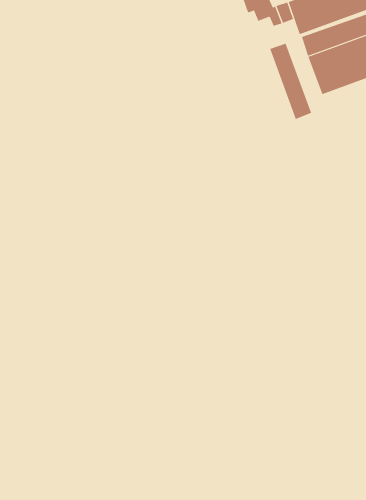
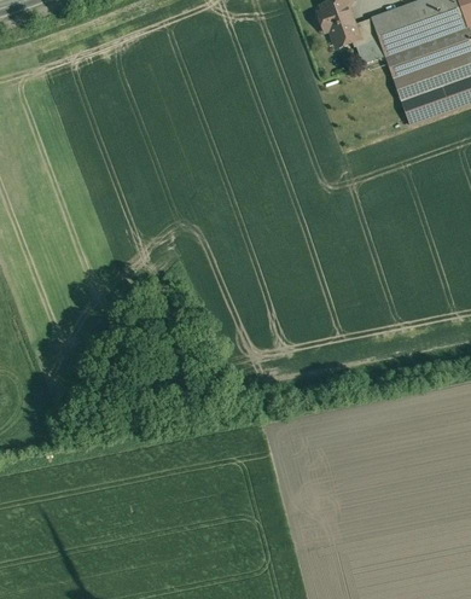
building: [270,43,312,120] -> none

